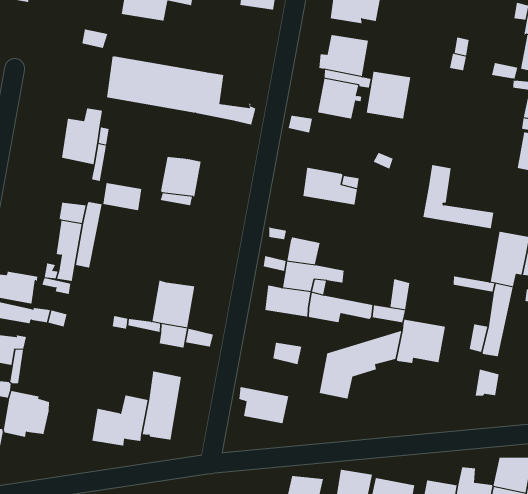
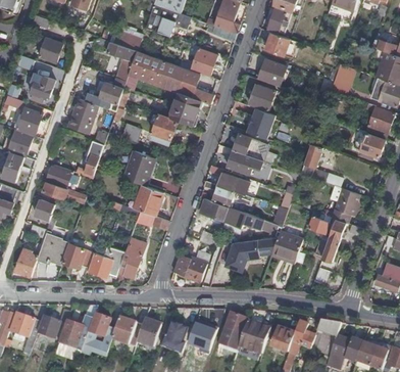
building: none -> [190,47,216,76]
building: none -> [88,37,136,81]
building: [366,71,411,119] -> [247,107,277,138]
building: none -> [169,91,200,125]
building: none -> [69,98,94,132]
building: none -> [227,149,263,174]
building: none -> [123,150,156,186]
building: none -> [61,243,92,267]

